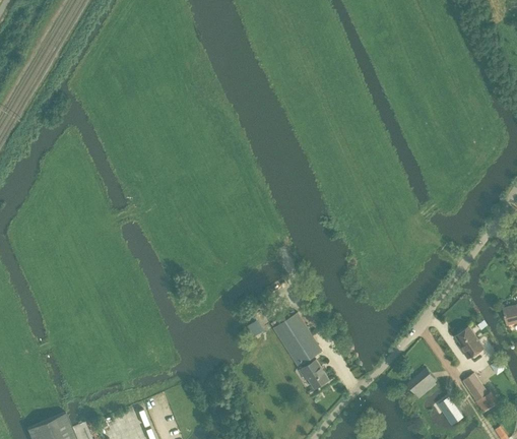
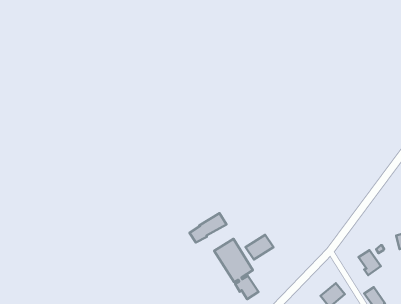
building: none -> [189,213,226,243]
building: none -> [246,235,274,259]

